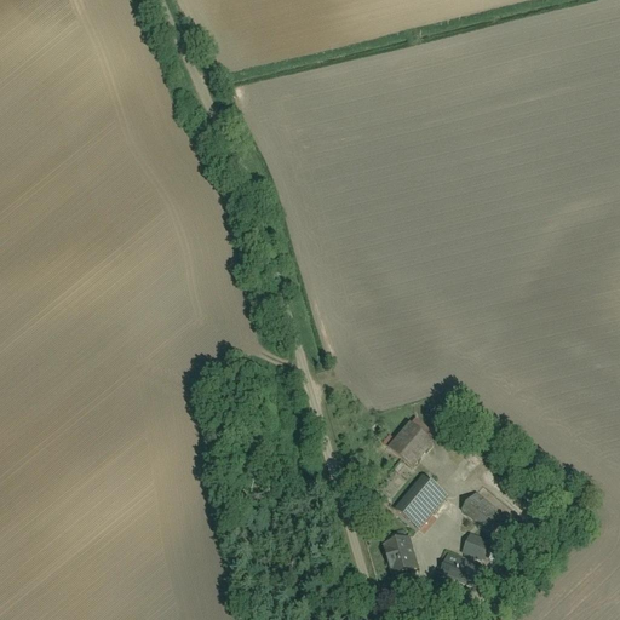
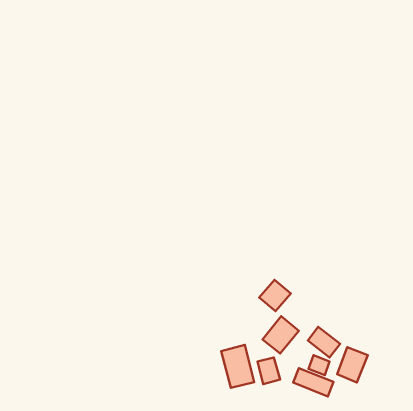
building: none -> [221,345,254,388]
building: none -> [337,347,368,382]

